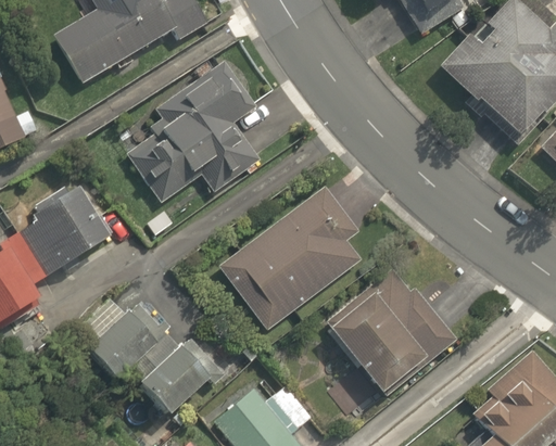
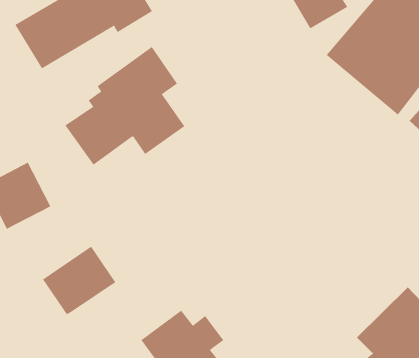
building: [219,165,378,328] -> none
building: [320,260,455,402] -> none
building: [126,339,212,413] -> none

